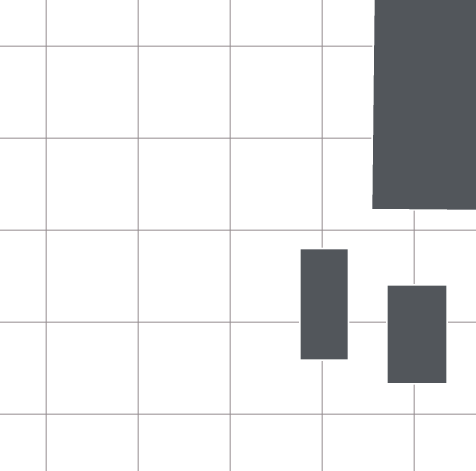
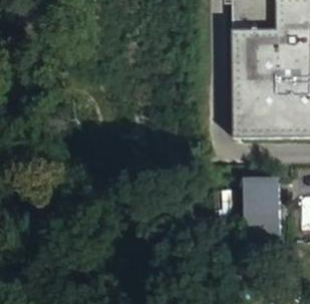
building: [300,248,349,360] -> none

